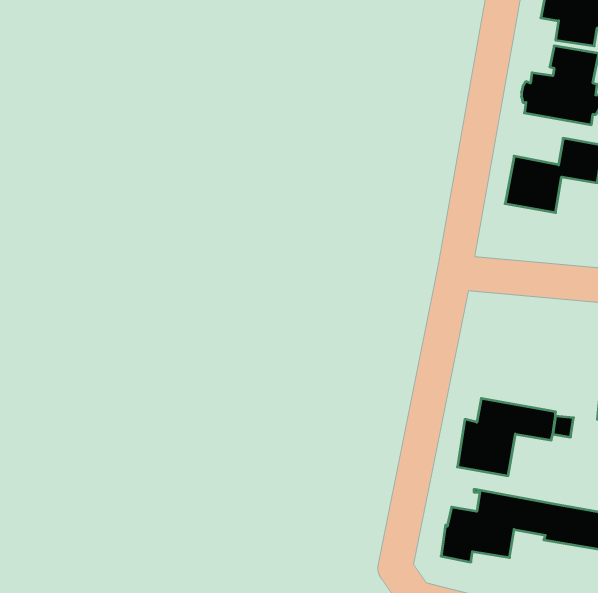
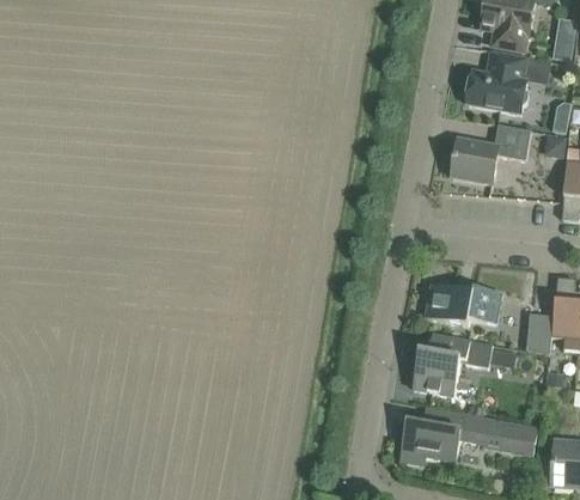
building: none -> [426,283,502,324]

